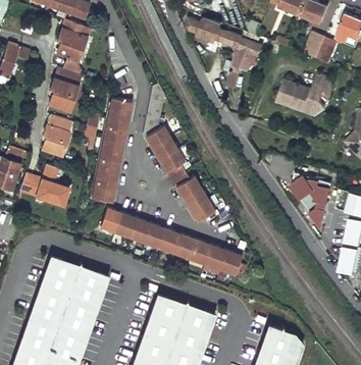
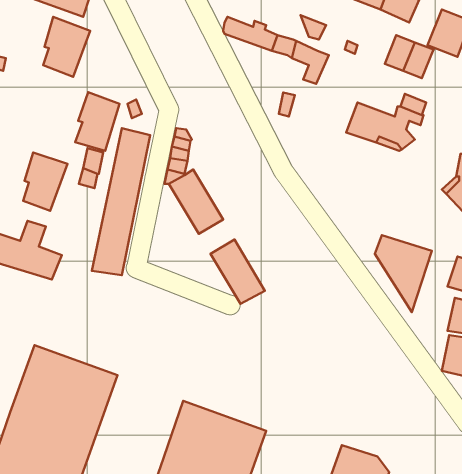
building: [49,68,81,110] -> [75,92,120,151]
building: [101,210,242,276] -> none

